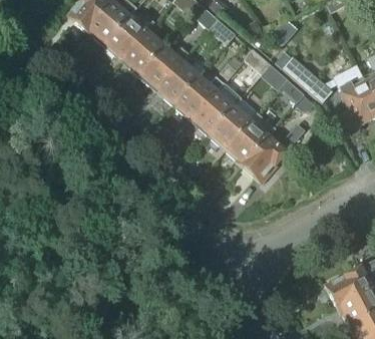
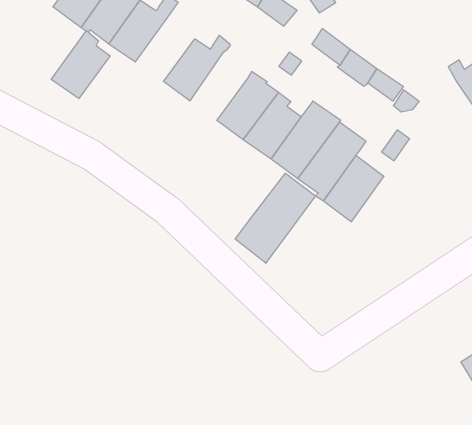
building: [121,28,163,74] -> [51,31,110,98]
building: [156,53,206,104] -> none
building: [282,55,326,97] -> none
building: none -> [235,173,316,263]

